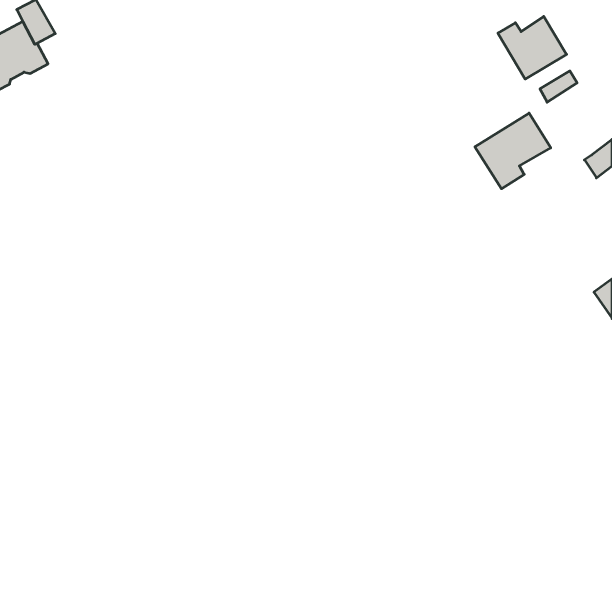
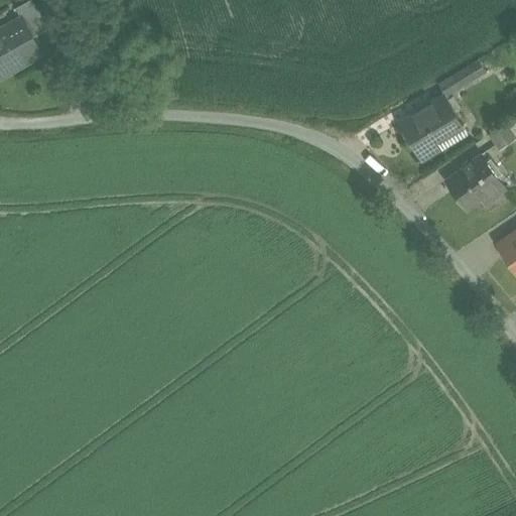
building: [498,16,567,79] -> none
building: none -> [445,156,505,212]

